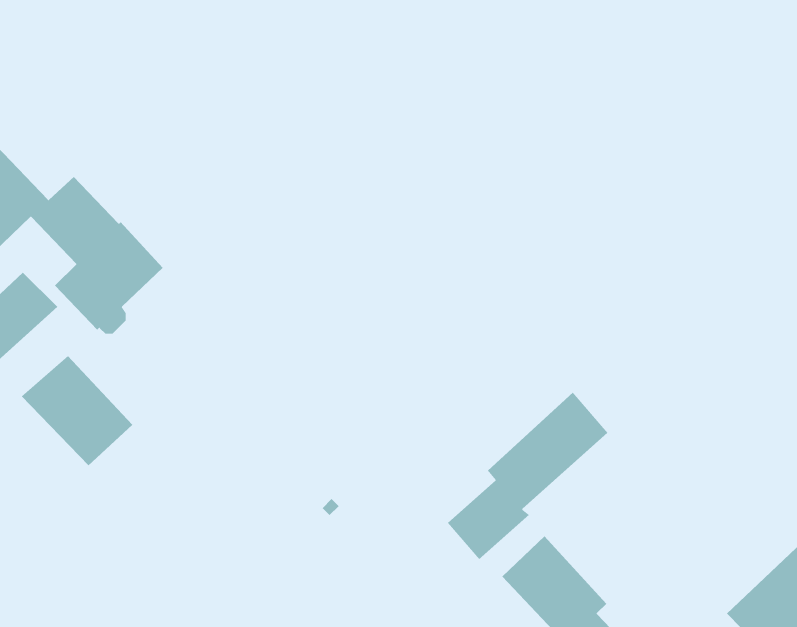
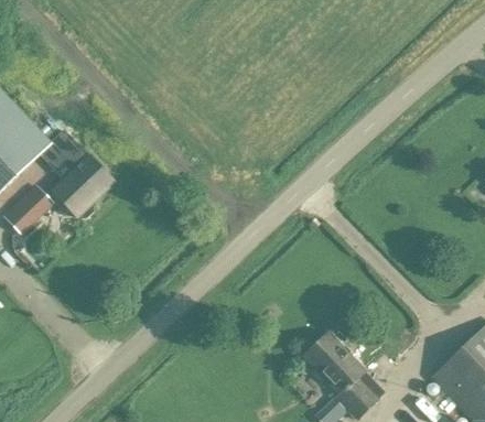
building: [21,355,133,466] -> none
building: [447,392,608,560] -> none

